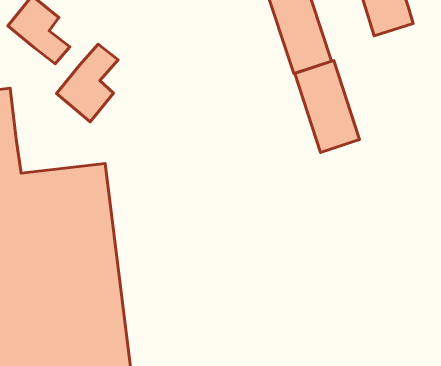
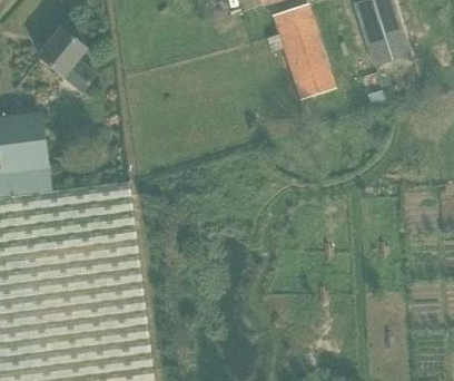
building: [56,44,118,122] -> none
building: [295,61,360,152] -> none

